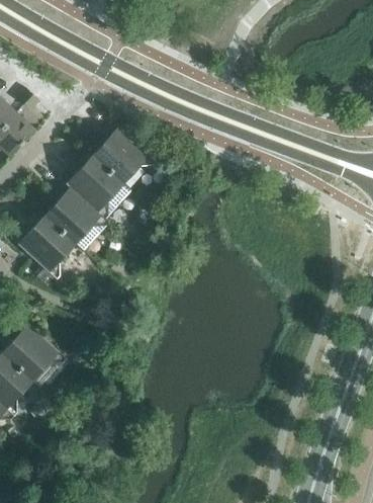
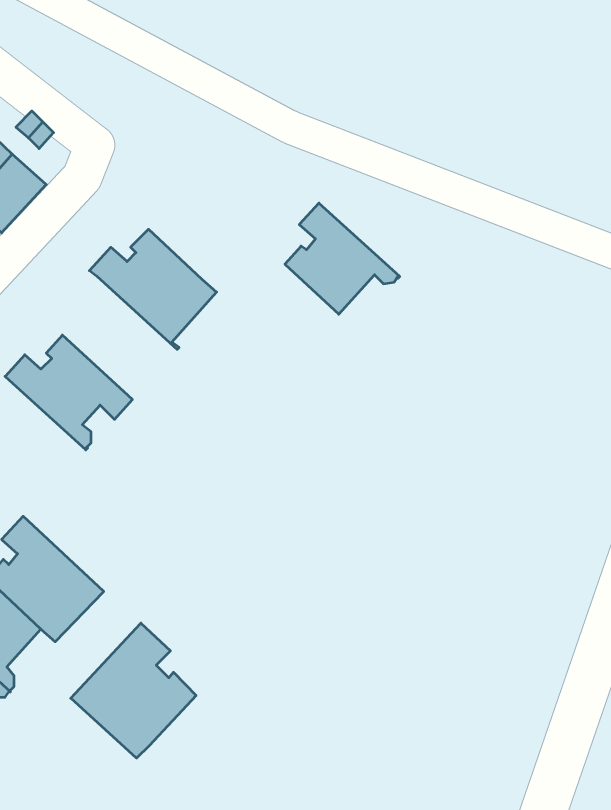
building: [93,121,158,184] -> [285,203,400,314]
building: [44,182,109,251] -> none
building: none -> [71,623,196,758]

